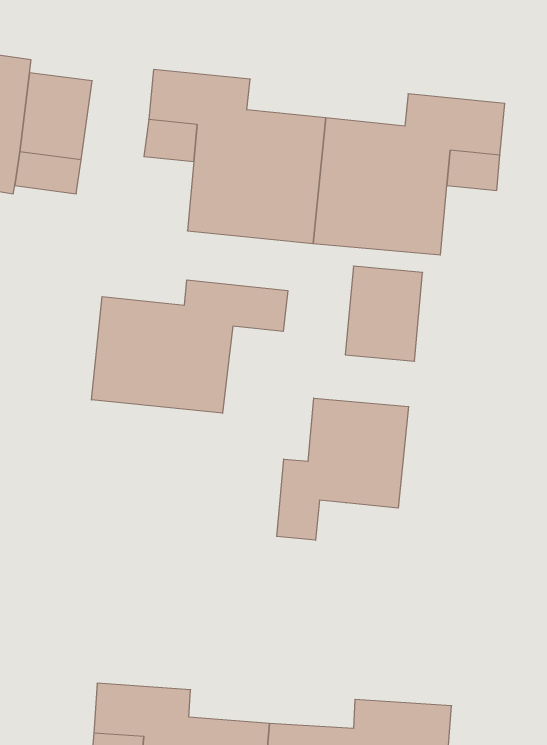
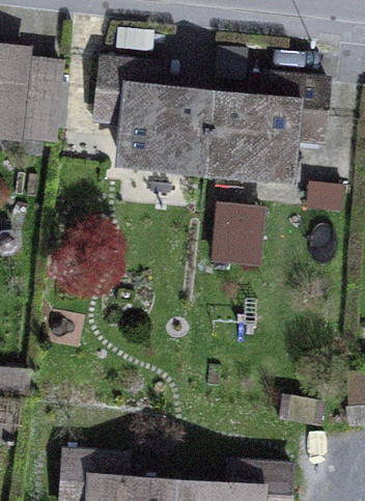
building: [92,280,288,413] -> none
building: [277,398,409,540] -> none

